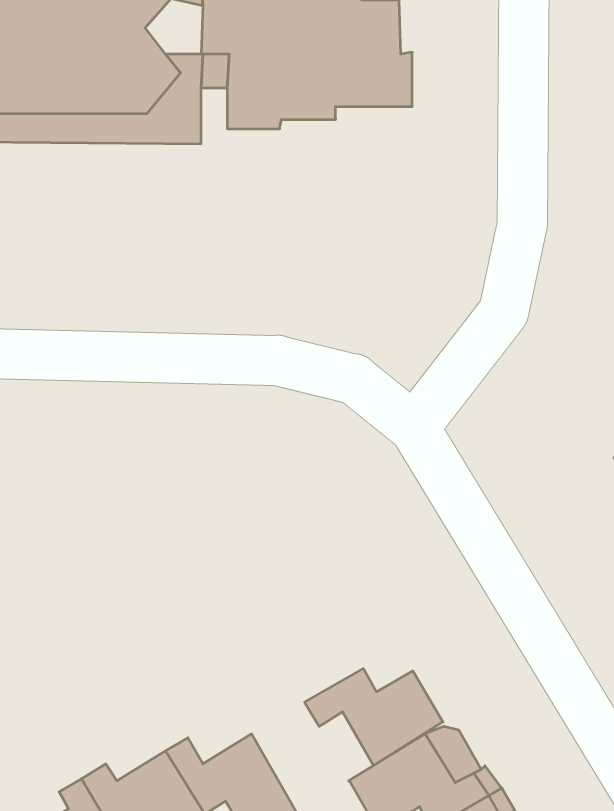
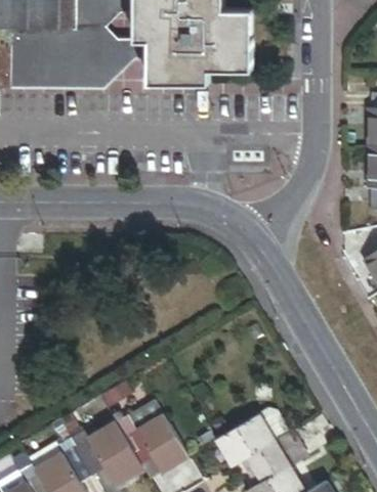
building: [305,669,443,765] -> none

